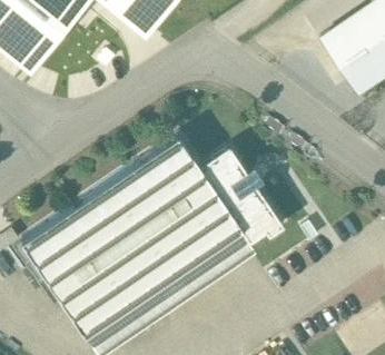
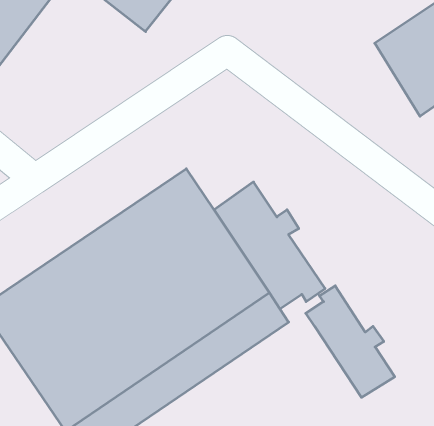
building: none -> [306,286,395,397]

